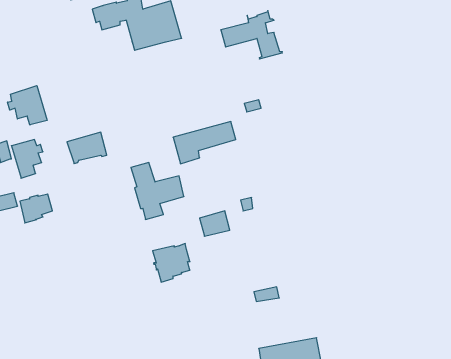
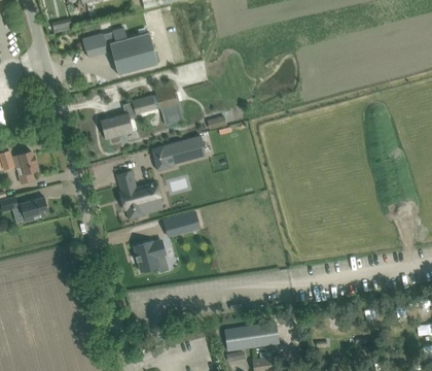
building: [221,11,282,59] -> [132,83,184,125]
building: [8,86,47,125] -> none
building: [67,132,107,164] -> [100,113,134,140]

